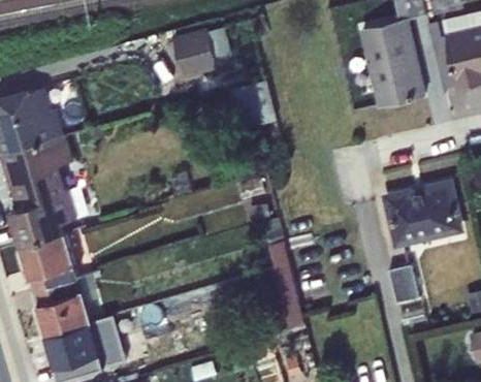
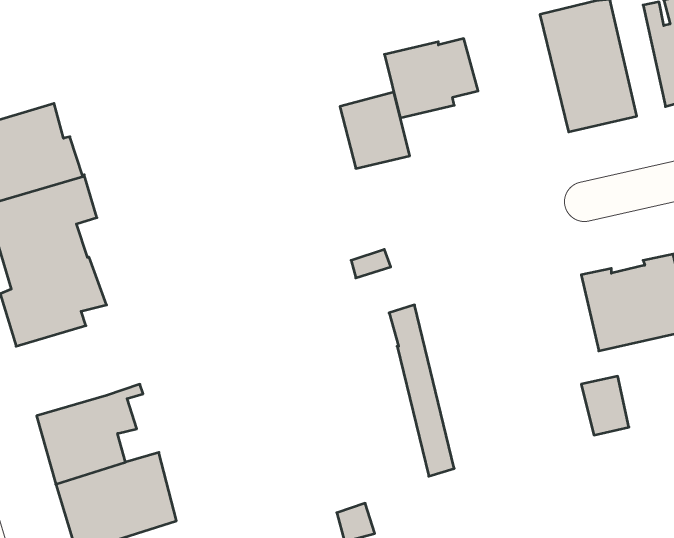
building: [170,28,231,79] -> [384,39,478,118]
building: [19,232,77,291] -> none

